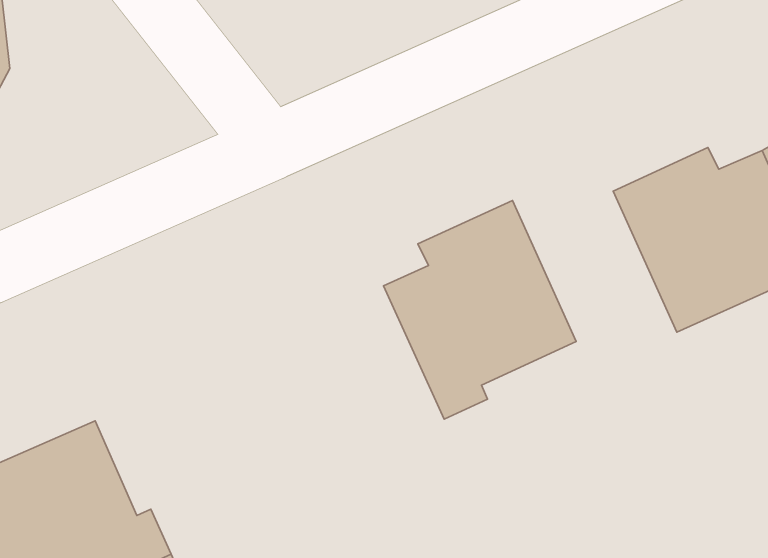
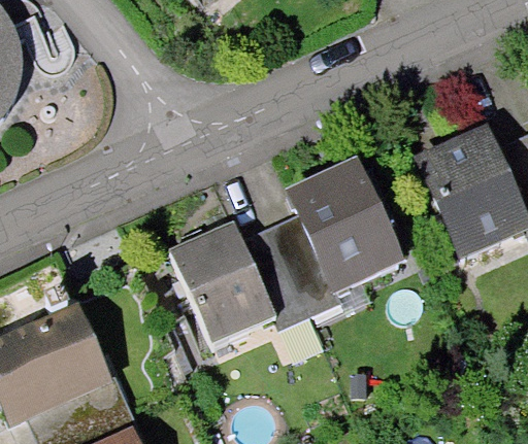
building: none -> [169,223,308,345]

